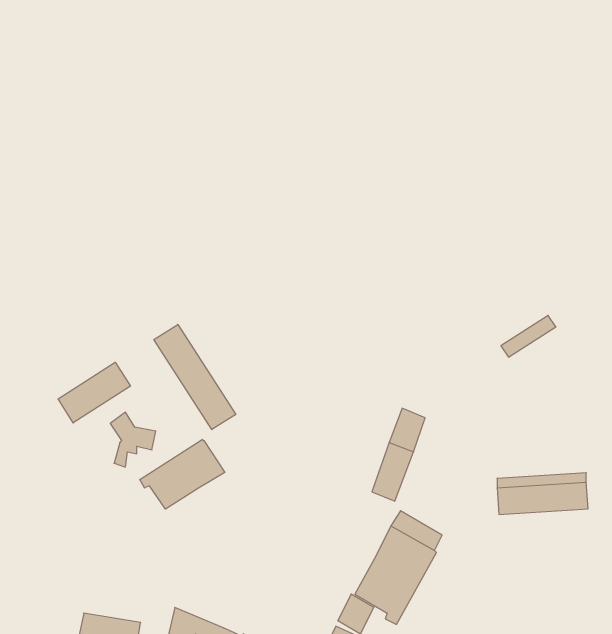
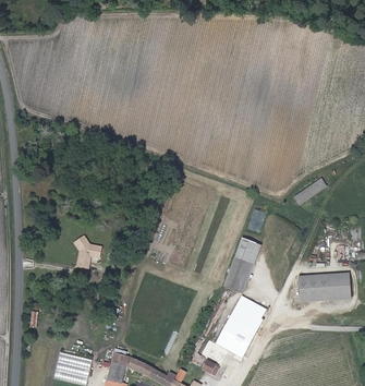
building: [154,324,236,430] -> none
building: [58,362,130,423] -> none
building: [140,439,225,509] -> none

